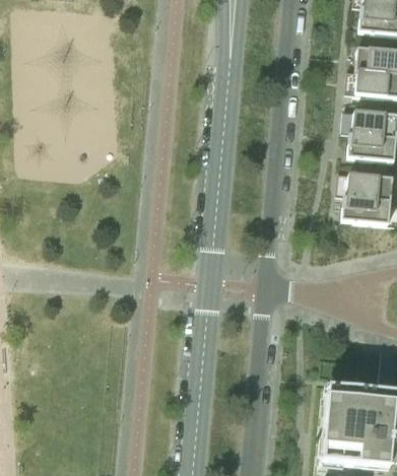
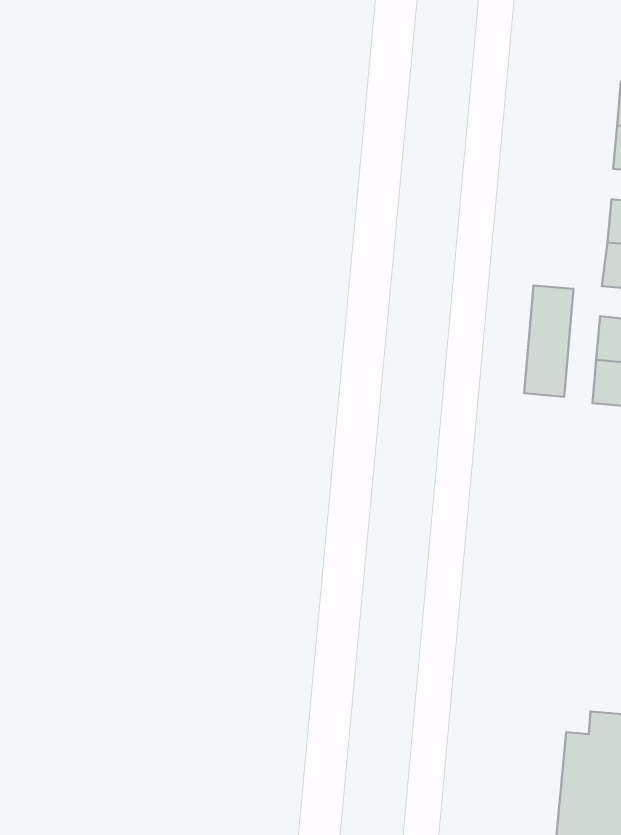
building: none -> [524,285,573,397]

